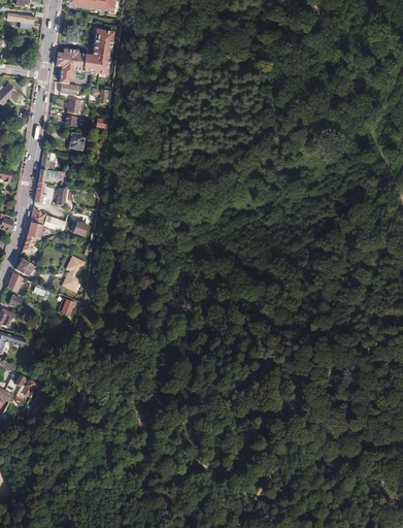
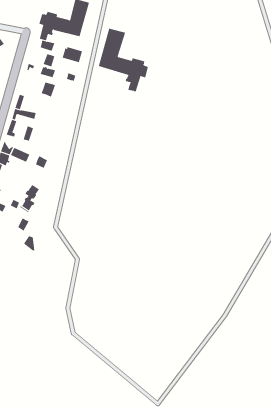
building: none -> [98,28,149,92]

